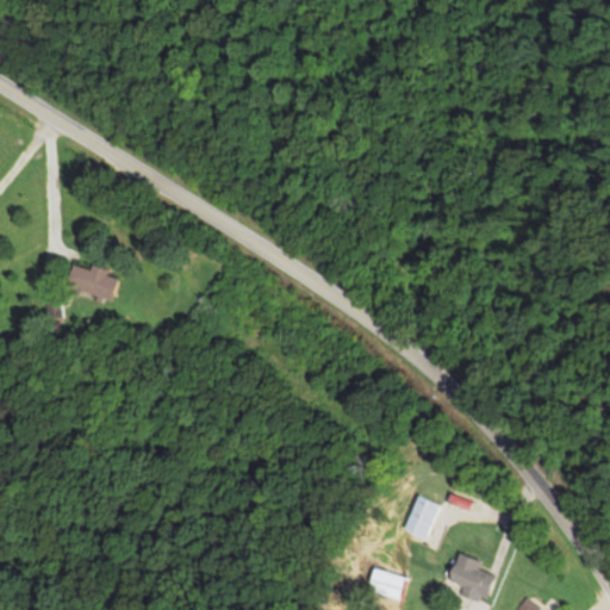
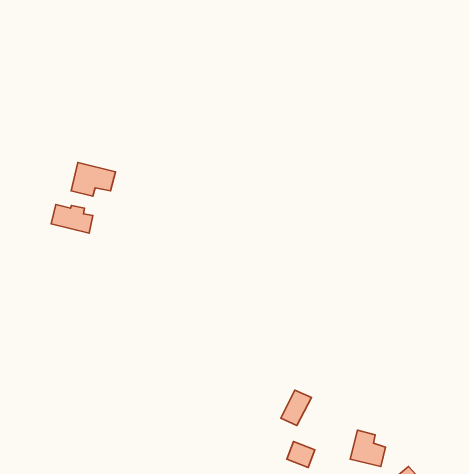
building: none -> [71,162,115,196]
building: [403,494,442,540] -> [281,390,312,425]

